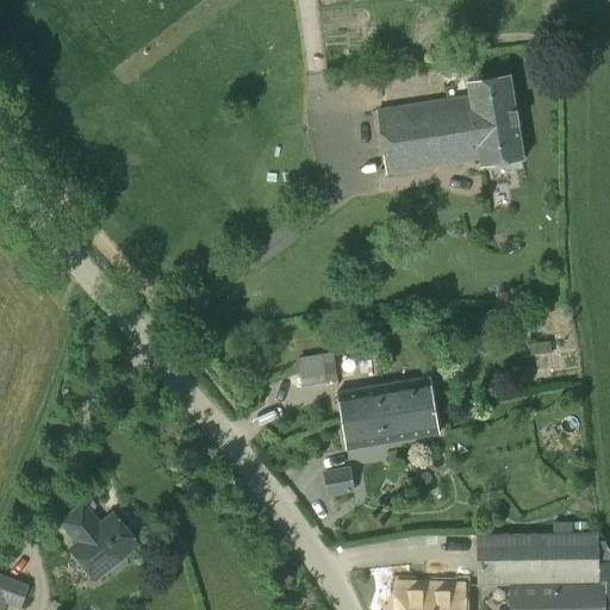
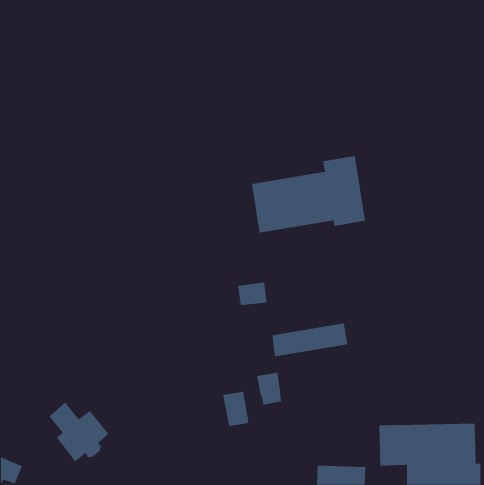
building: [378,75,522,173] -> [251,155,366,233]
building: [337,378,434,421] -> none
building: none -> [222,391,249,427]

